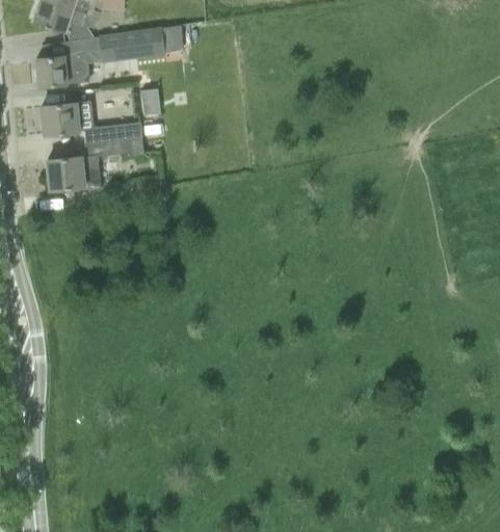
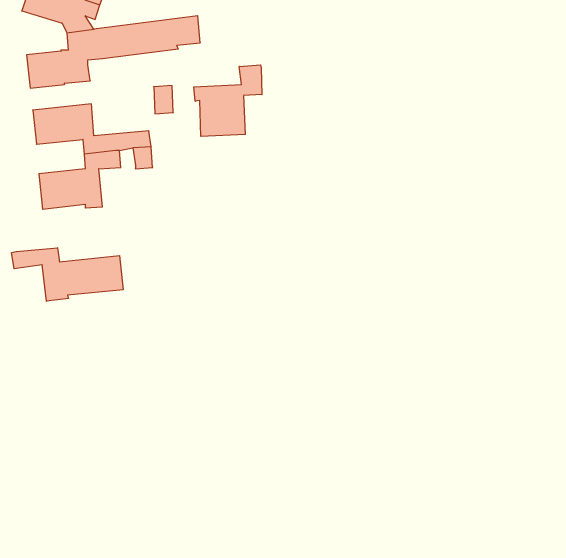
building: none -> [194,65,262,136]
building: none -> [12,248,123,301]

